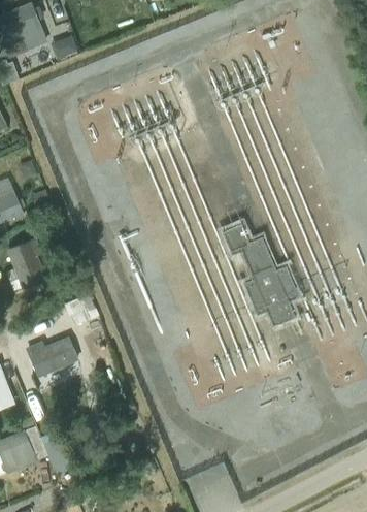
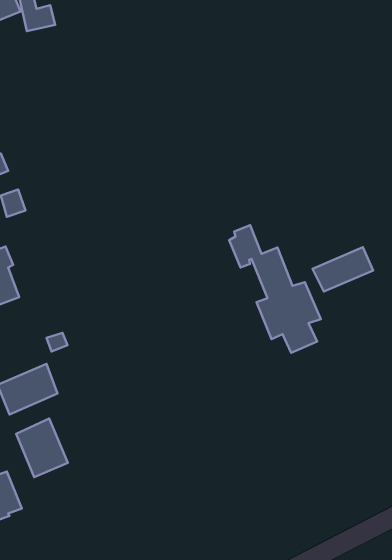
building: none -> [313,247,373,291]
building: none -> [16,419,68,477]

